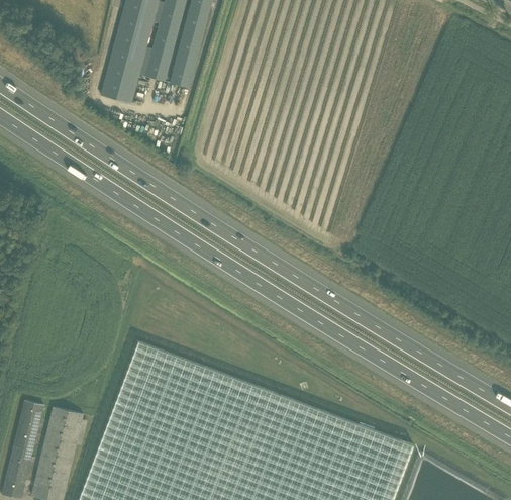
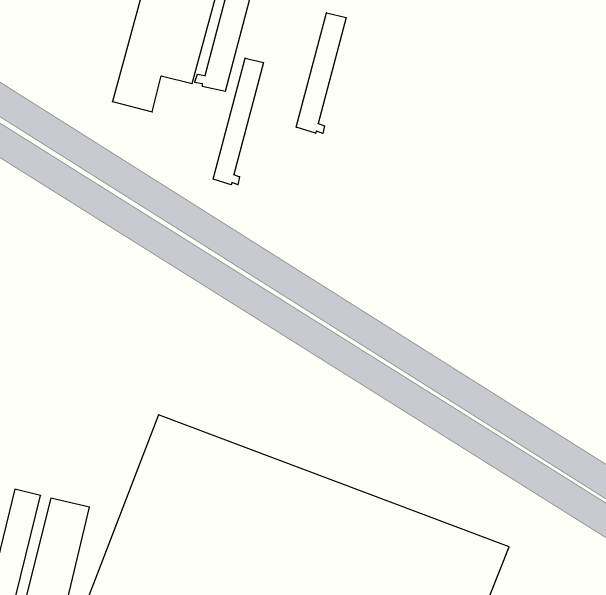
building: none -> [296,13,346,133]
building: none -> [213,58,263,185]

